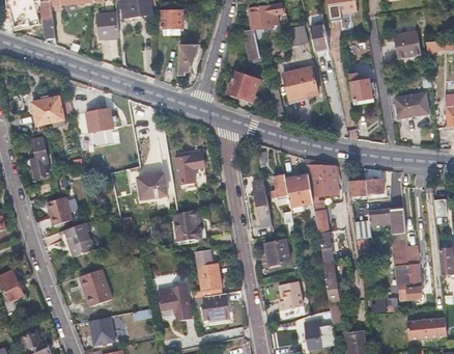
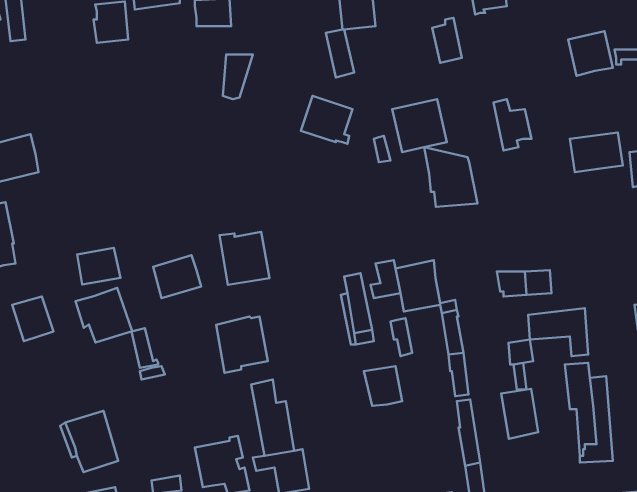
building: [86,108,113,131] -> [77,248,120,284]
building: [307,157,340,194] -> [424,147,477,207]
building: [59,222,94,256] -> [76,288,132,343]
building: none -> [501,389,538,439]
building: [279,280,304,309] -> none

